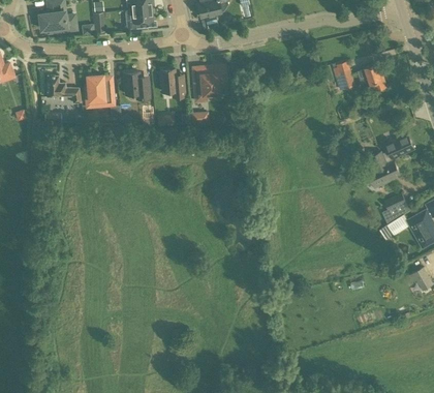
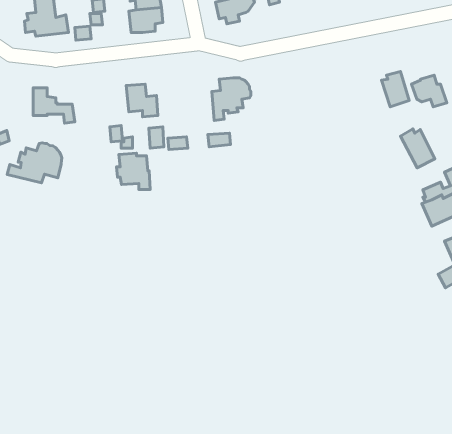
building: [160,68,185,97] -> none
building: [85,74,113,104] -> [116,153,150,190]
building: none -> [401,129,435,168]
building: none -> [7,143,62,183]

